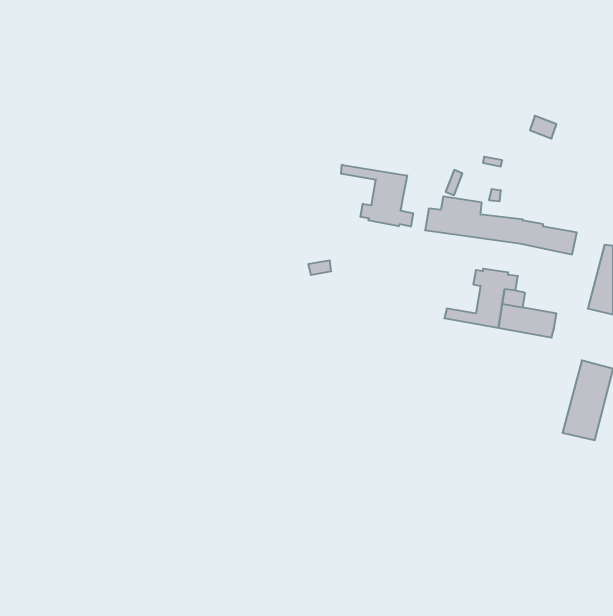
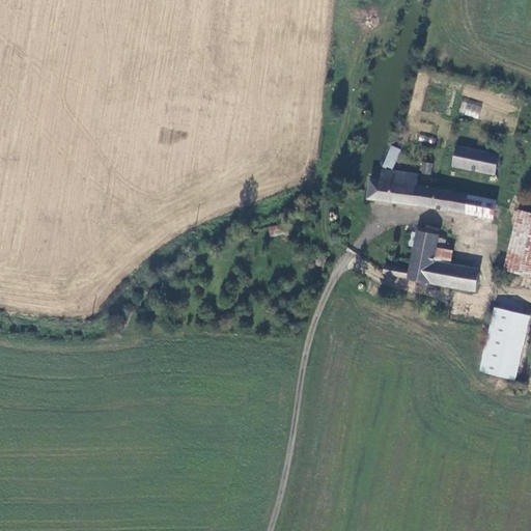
building: [341,165,413,227] -> none
building: none -> [452,146,498,174]

